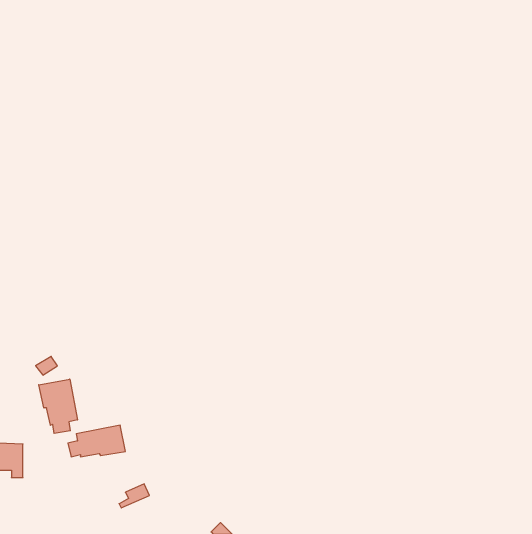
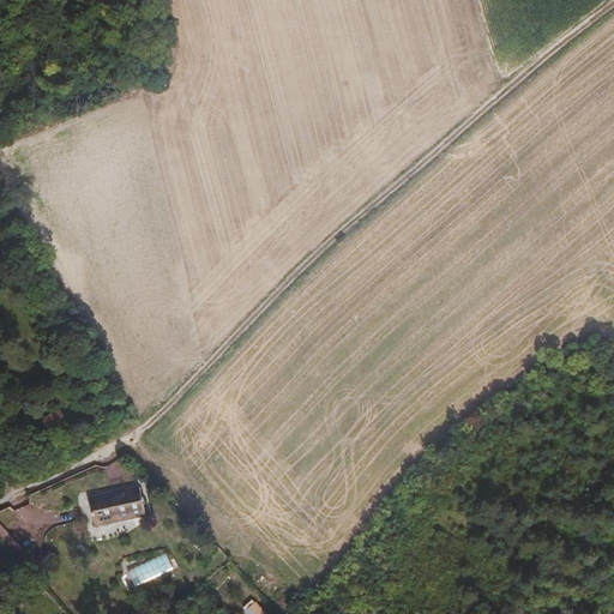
building: [39,379,77,433] -> none

